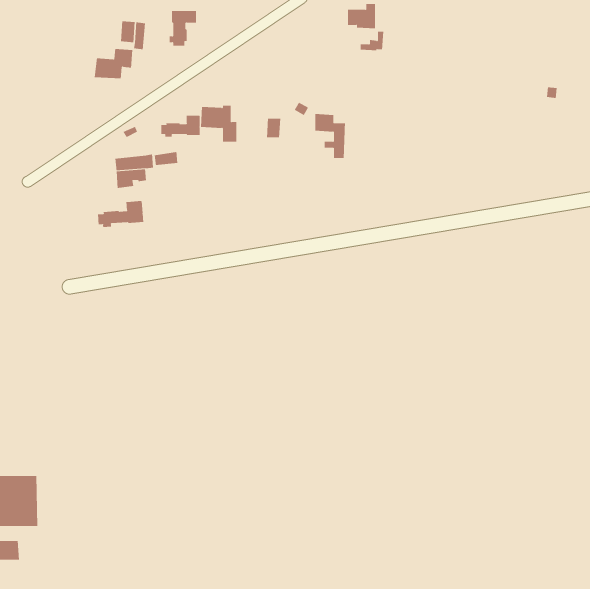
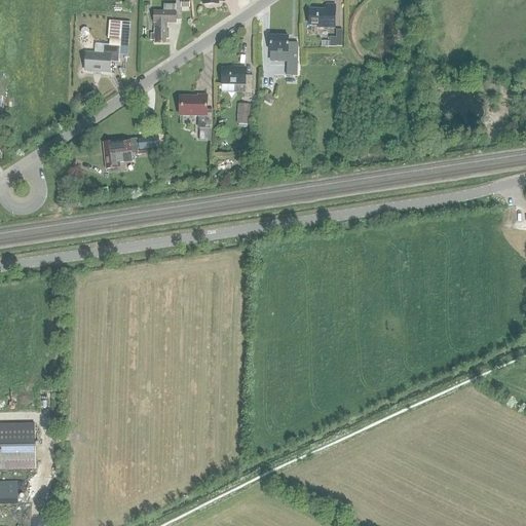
building: none -> [220,66,252,91]
building: [314,114,346,159] -> [269,34,297,74]
building: [161,115,200,138] -> none
building: [97,200,144,228] -> none

